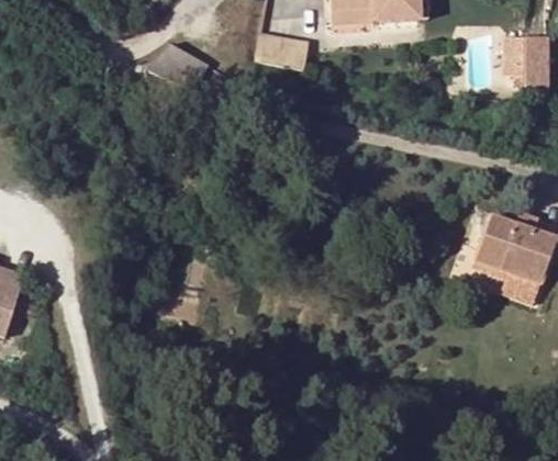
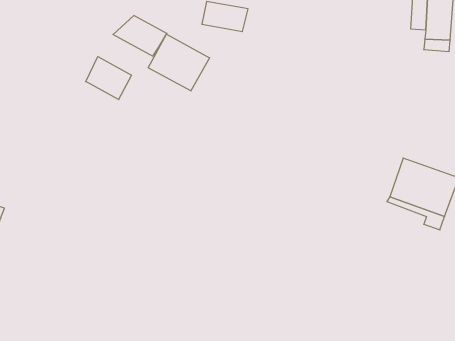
building: none -> [148,34,210,91]
building: none -> [86,57,131,100]

